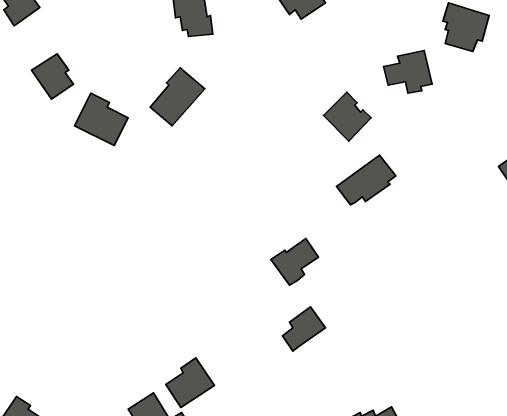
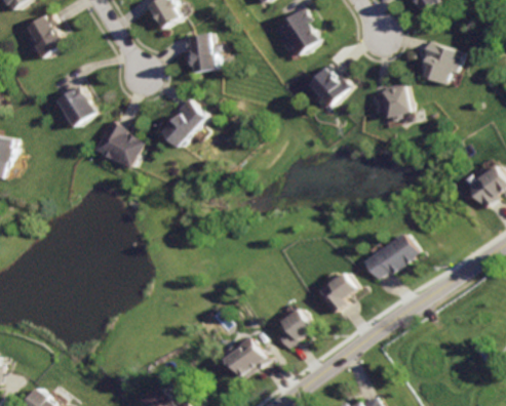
building: [323,92,371,141] -> [303,63,345,106]
building: [337,155,396,205] -> [366,233,419,277]
building: [271,239,319,285] -> [319,272,361,313]
building: [166,358,214,408] -> [225,334,268,378]

